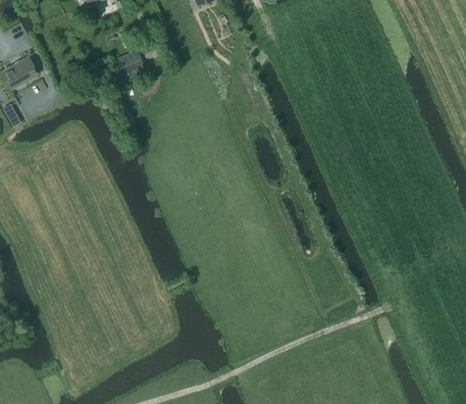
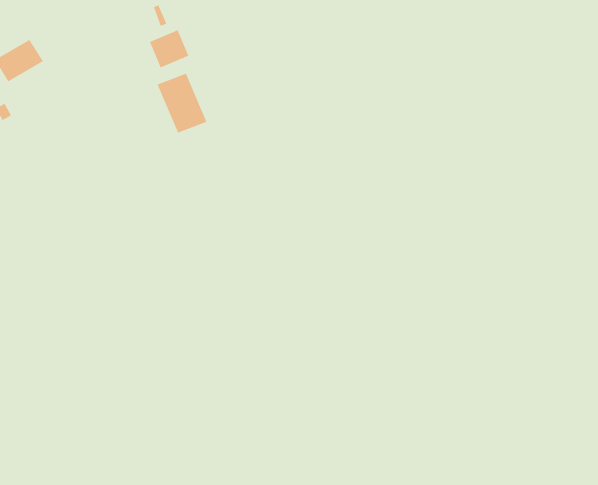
building: none -> [157,73,207,134]

